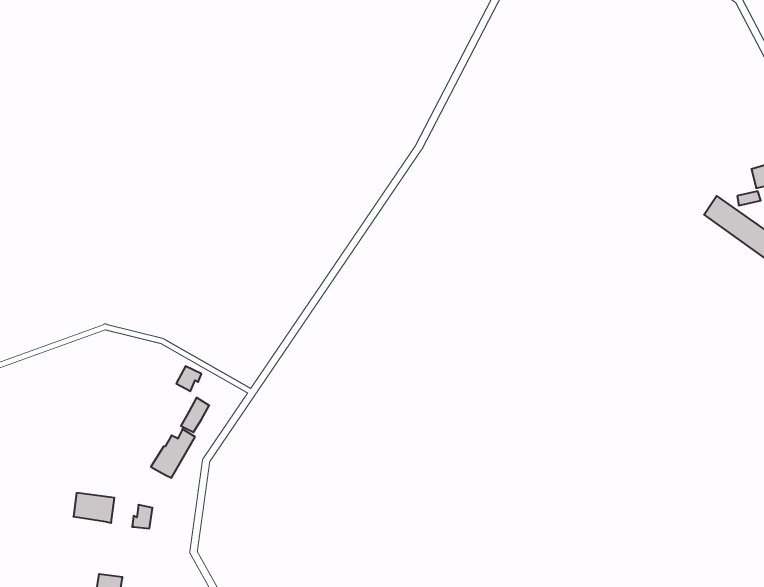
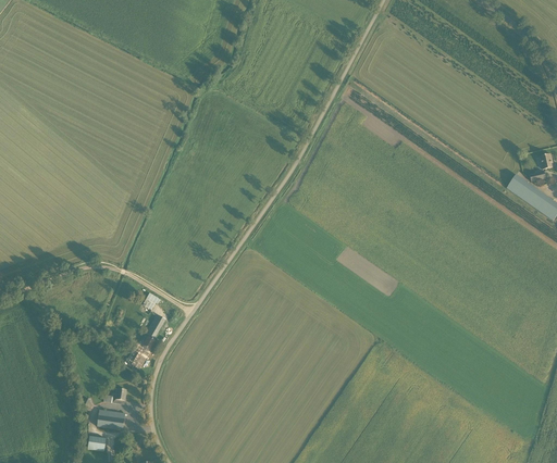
building: [73,493,114,523] -> [97,408,125,428]

